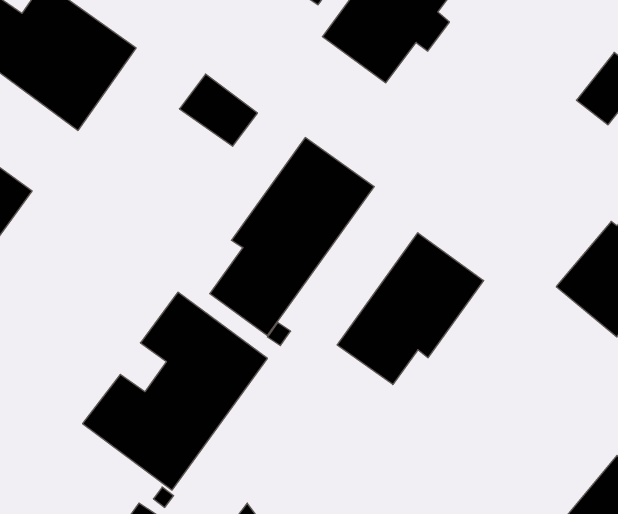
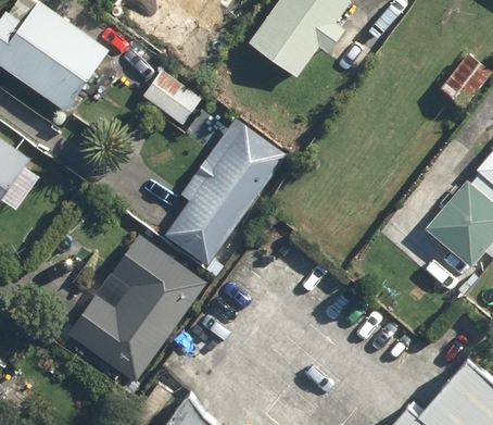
building: [337,233,484,385] -> none

